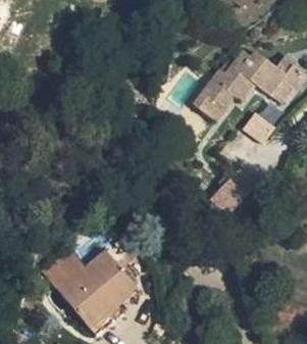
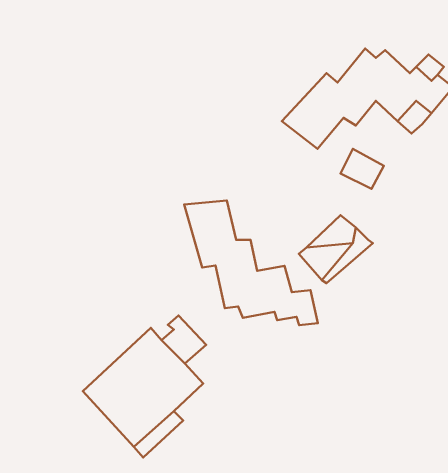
building: none -> [184,200,318,325]

